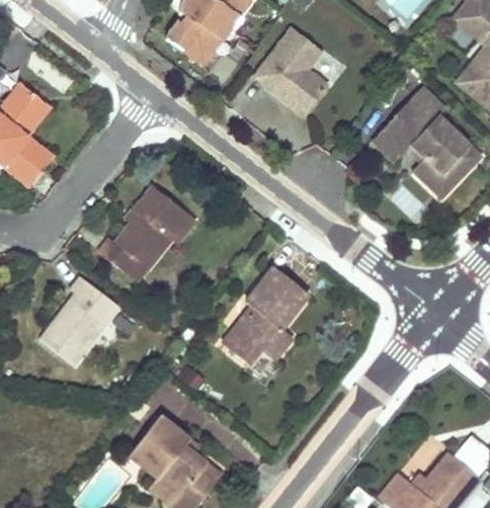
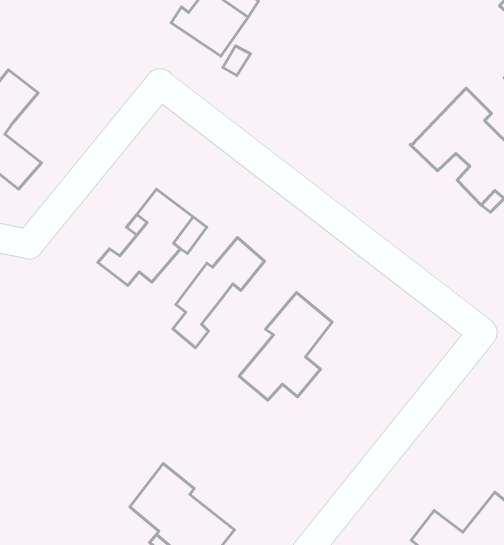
building: [253,29,325,115] -> none
building: [17,97,57,159] -> none
building: none -> [173,238,265,348]
building: [40,269,120,358] -> none

